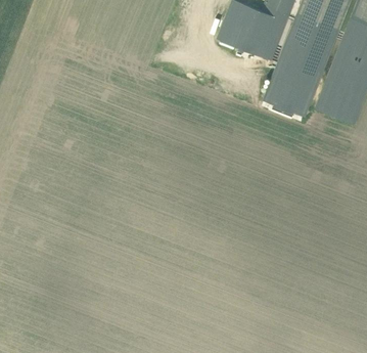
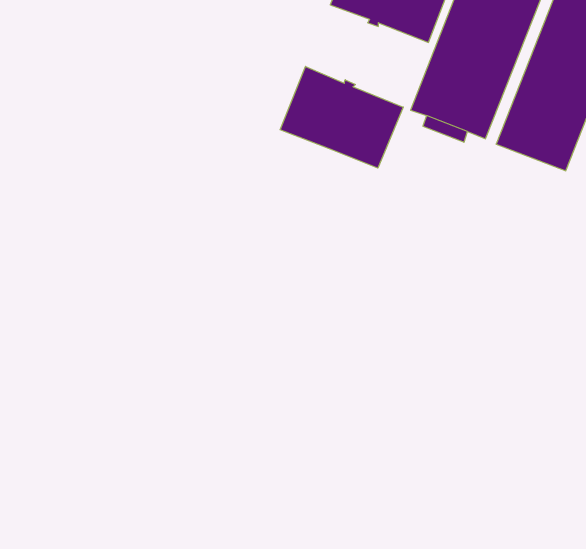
building: none -> [280,66,403,168]

